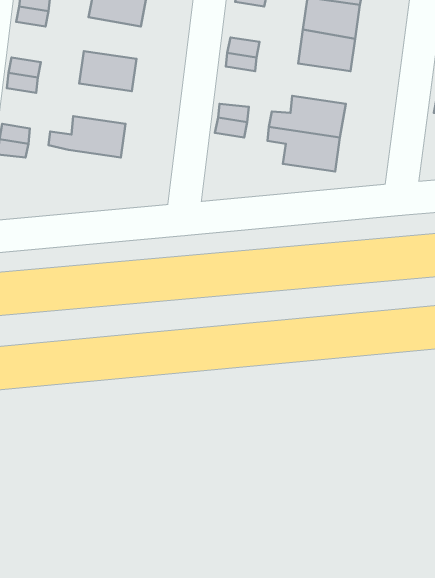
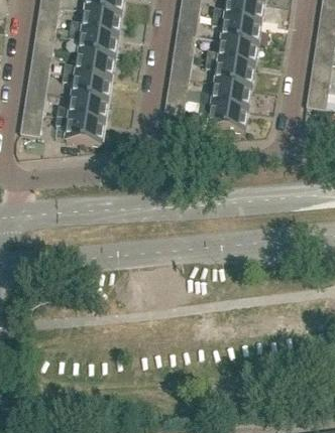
building: none -> [78,31,115,58]
building: none -> [214,61,252,88]
building: none -> [71,75,109,101]
building: none -> [65,118,102,145]

